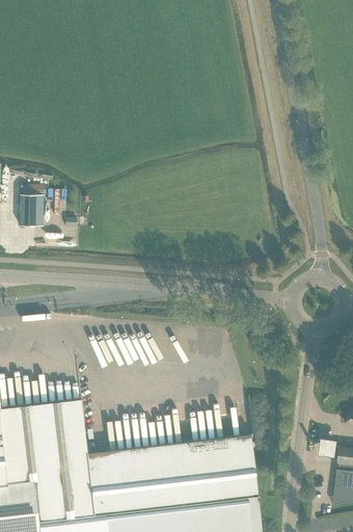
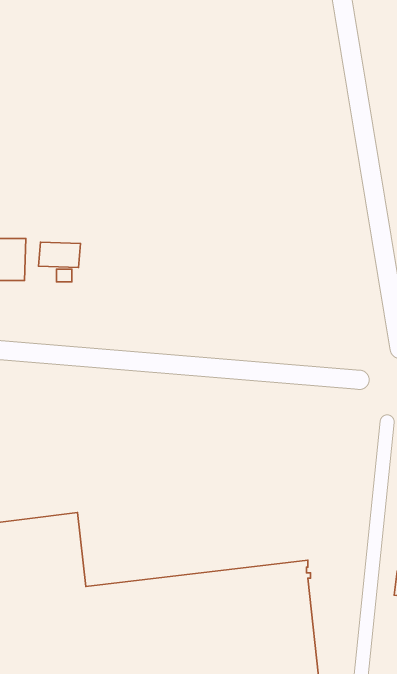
building: none -> [39,242,80,267]

